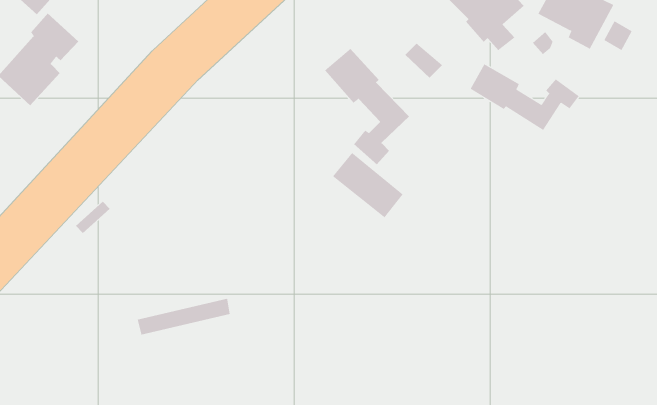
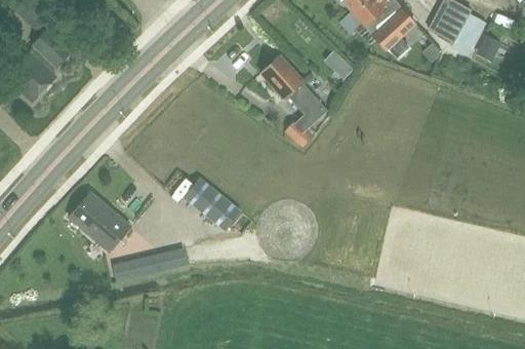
building: [470,64,580,131] -> none
building: [332,152,403,218] -> [185,178,240,229]
building: none -> [70,192,131,250]

